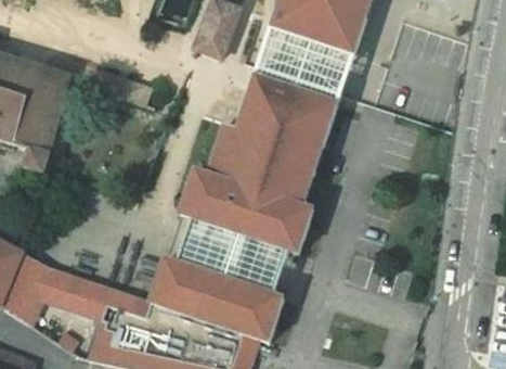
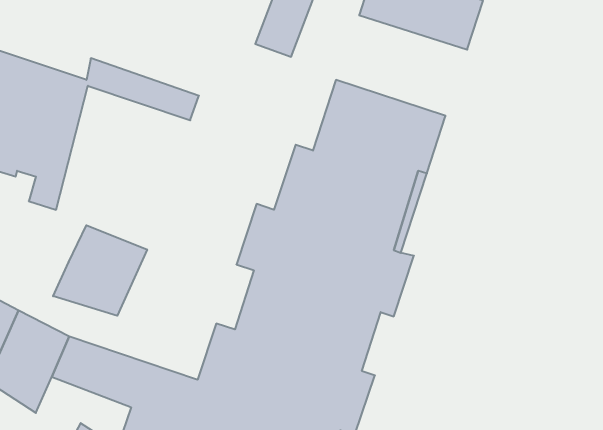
building: [255,26,353,102] -> none
building: none -> [53,225,147,316]

